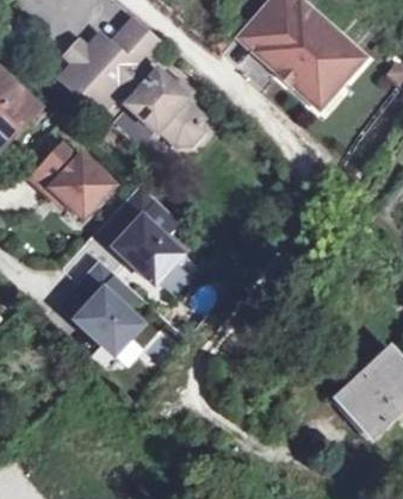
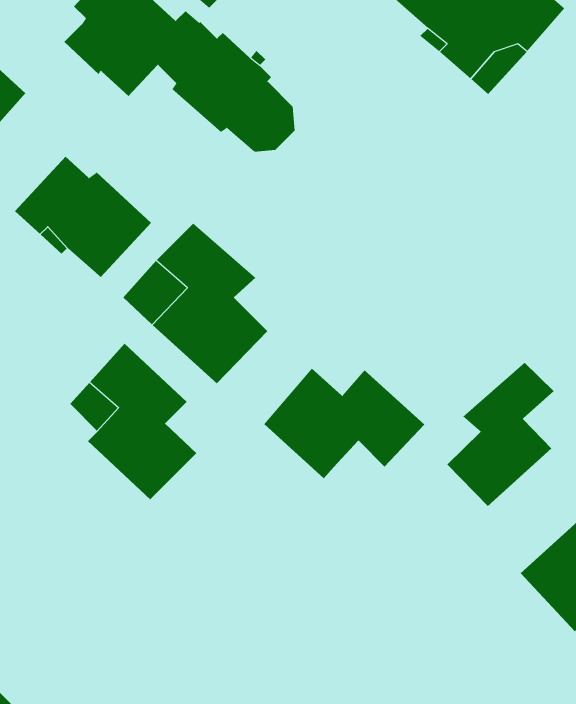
building: none -> [447,362,555,507]
building: none -> [263,368,425,479]

